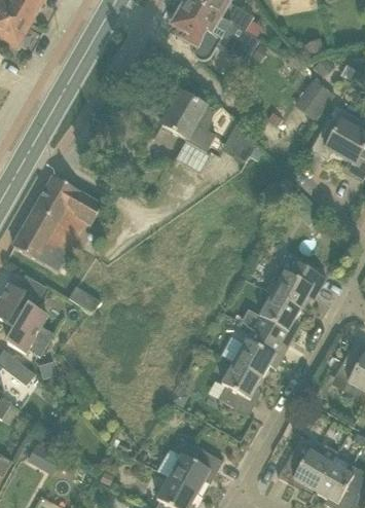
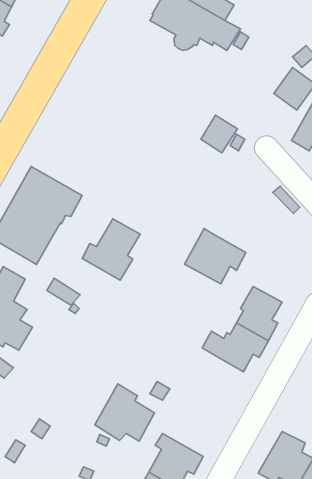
building: [161,92,216,172] -> none
building: none -> [82,219,140,280]
building: [264,254,325,309] -> [184,229,246,284]
building: [208,361,262,414] -> none
building: none -> [95,384,154,441]

